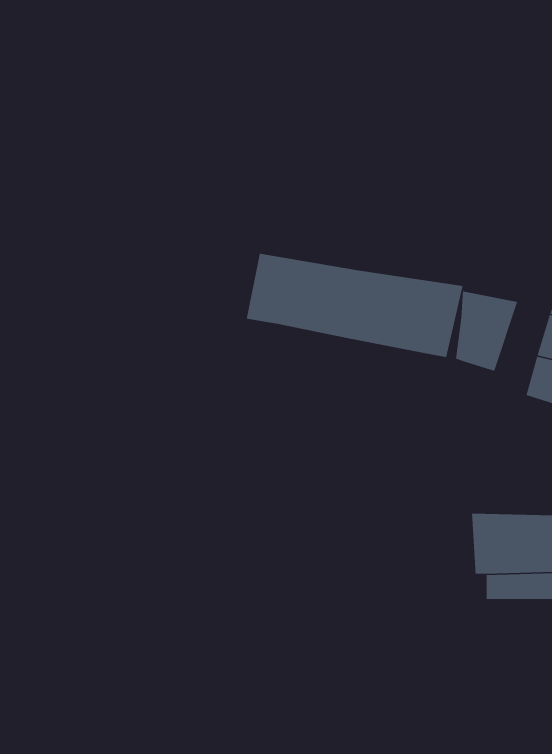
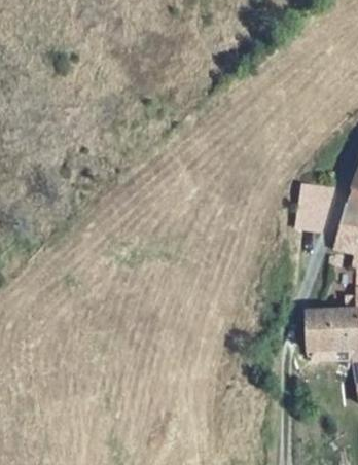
building: [246,253,463,358] -> none

